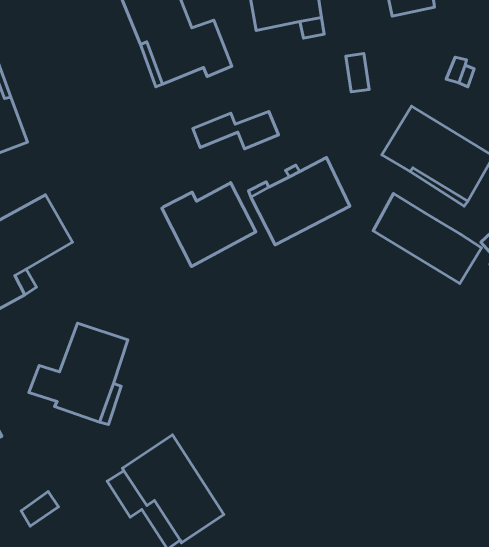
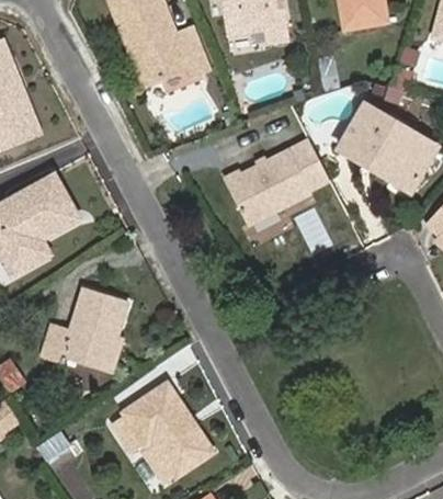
building: [193,111,279,149] -> none
building: [162,182,256,266] -> none
building: [373,194,482,284] -> none

